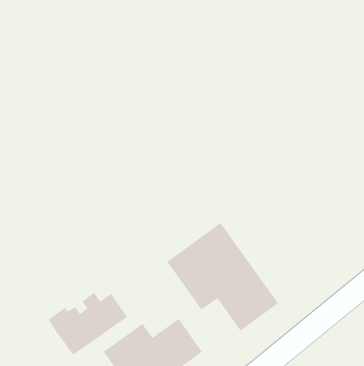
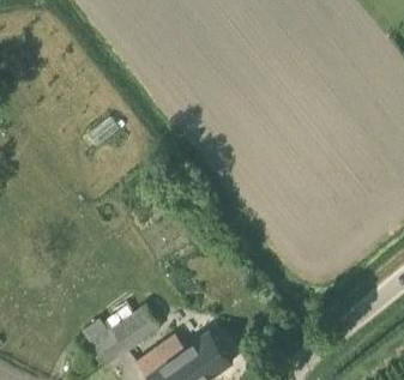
building: [166,222,279,331] -> none

